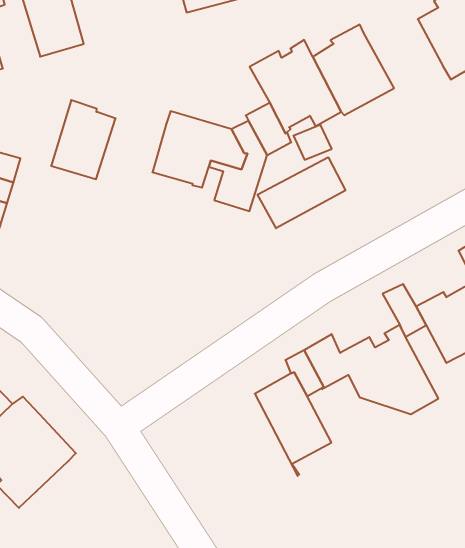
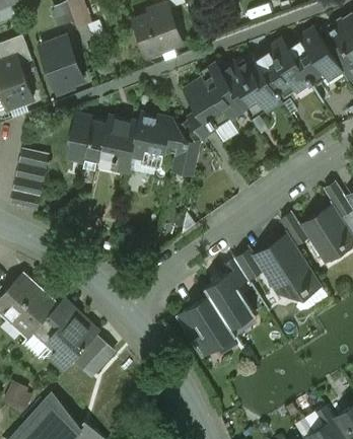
building: none -> [255,44,305,95]
building: none -> [98,120,137,174]
building: [258,157,345,228] -> none
building: none -> [174,288,235,359]
building: none -> [75,339,111,375]

